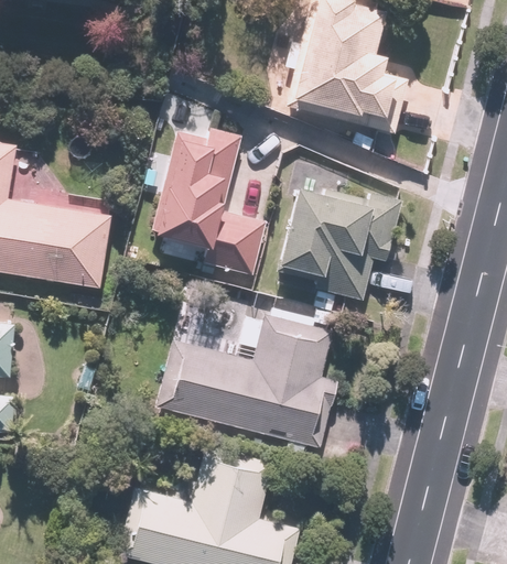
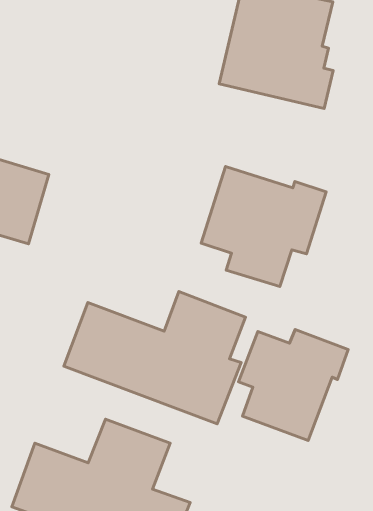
building: [141,117,265,273] -> none
building: none -> [238,329,348,441]

